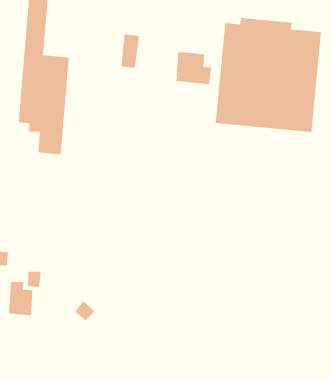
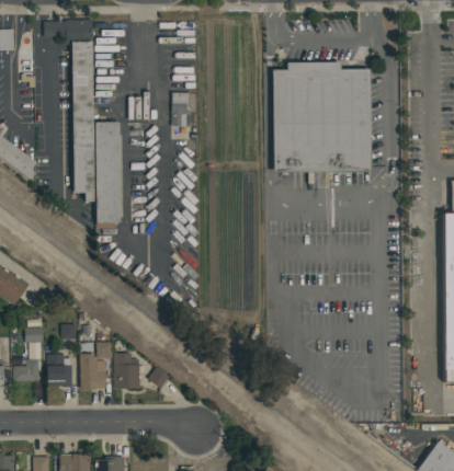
building: [176,51,212,85] -> none
building: none -> [114,353,140,389]

